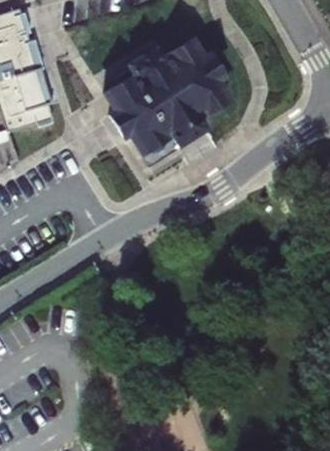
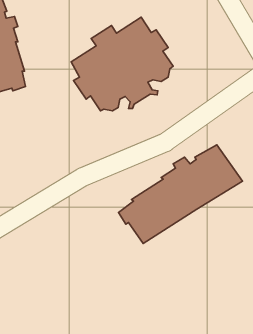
building: none -> [118,145,242,243]

